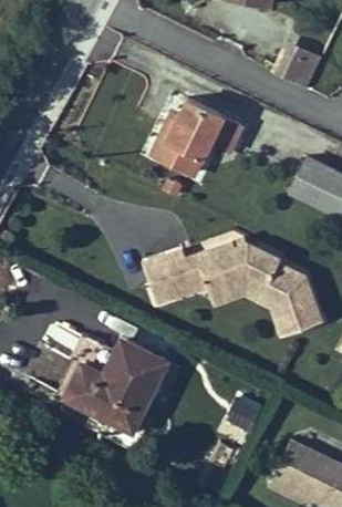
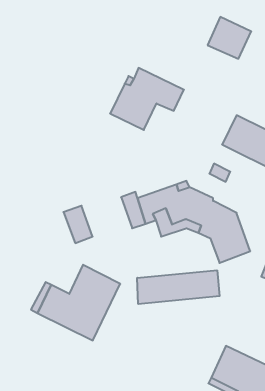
building: [144,258,179,303] -> [63,206,93,243]
building: none -> [137,270,220,304]

